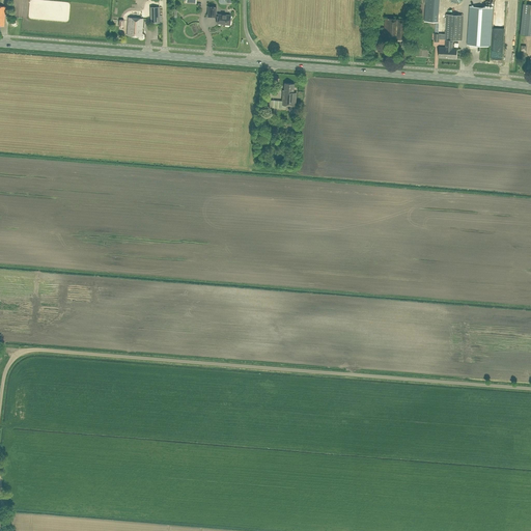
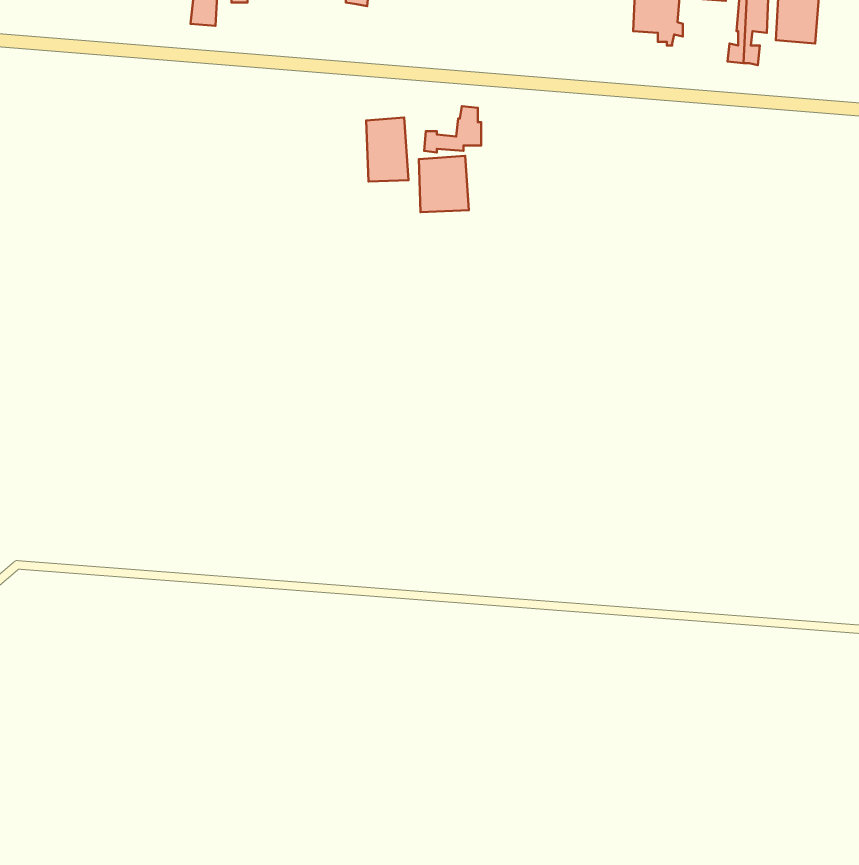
building: none -> [366,117,408,182]
building: none -> [419,156,469,212]

